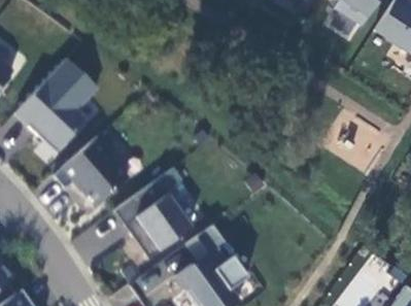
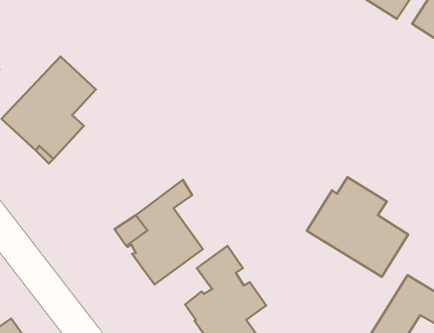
building: [53,135,128,206] -> none
building: none -> [307,177,408,277]

